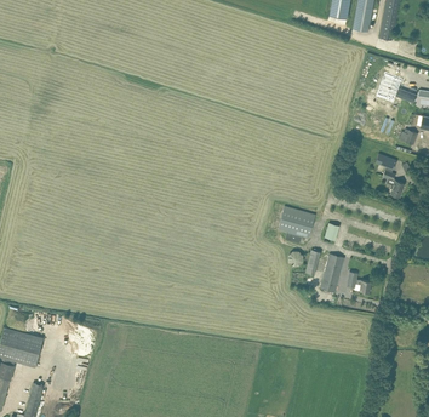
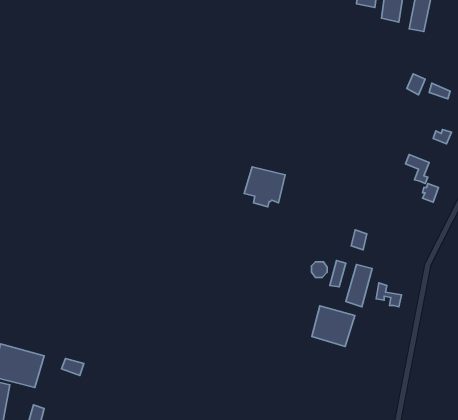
building: [278,206,315,242] -> [244,167,285,207]
building: none -> [312,306,355,347]

